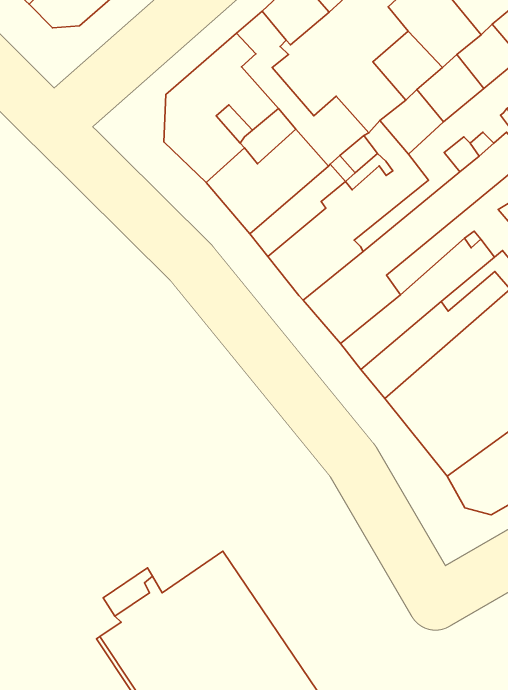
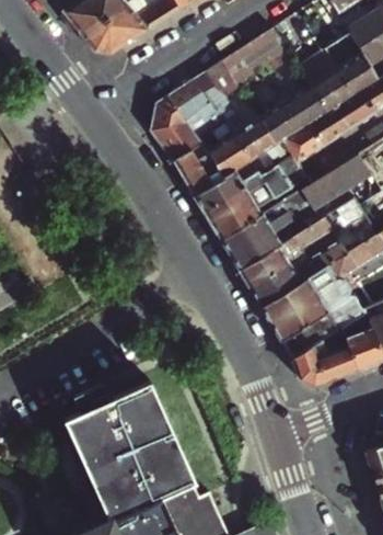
building: none -> [259,102,301,145]

